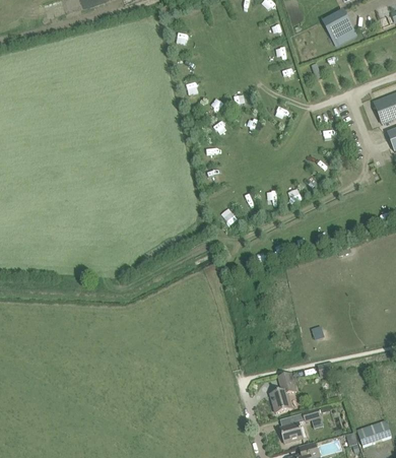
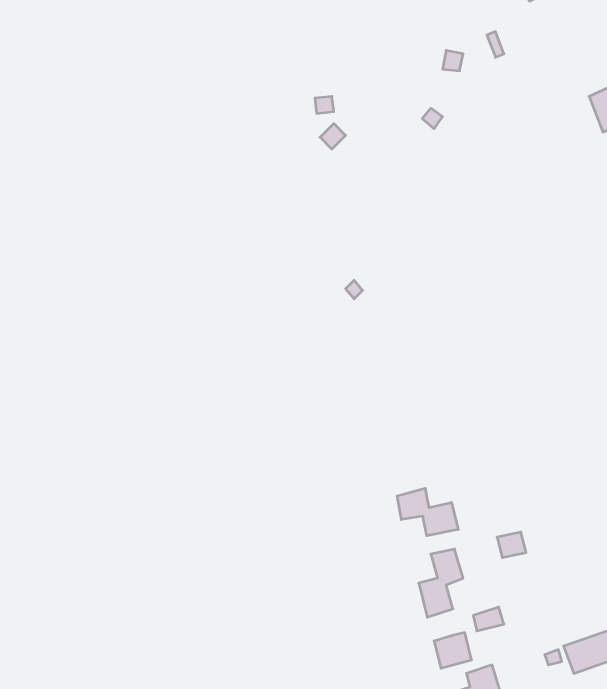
building: none -> [397,488,458,536]

